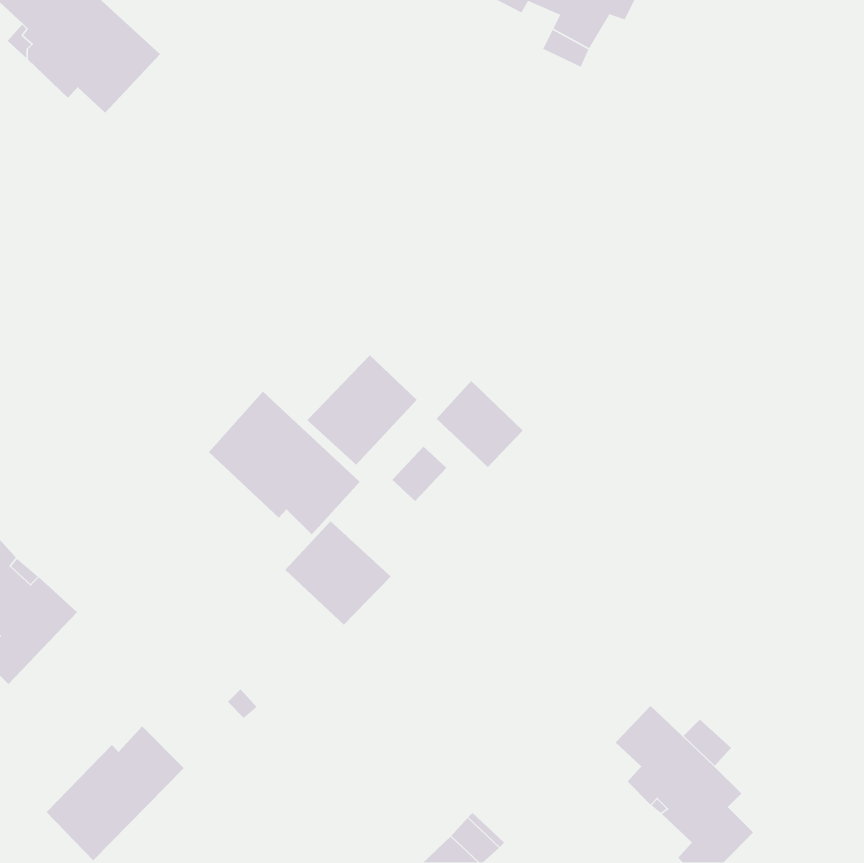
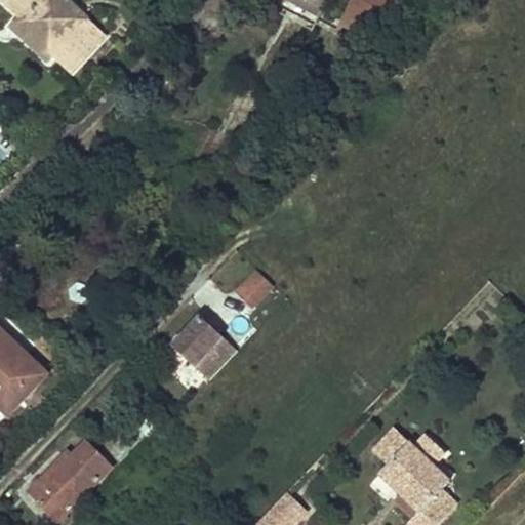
building: [307,354,418,465] -> none
building: [436,380,523,468] -> none
building: [208,391,360,535] -> none

